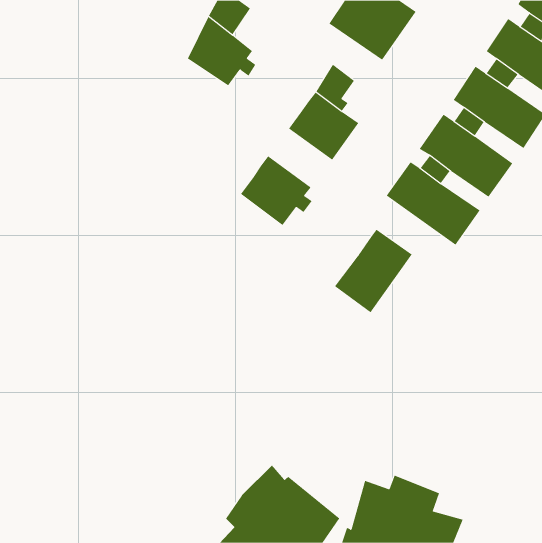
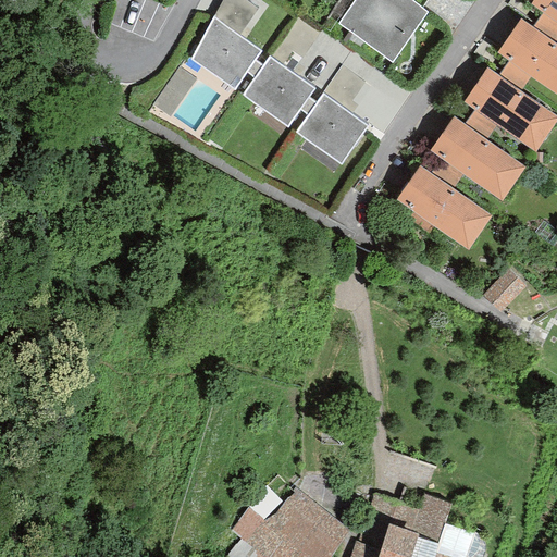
building: [240,156,312,226] -> [243,57,317,128]
building: [334,229,413,313] -> none
building: none -> [482,268,525,312]

